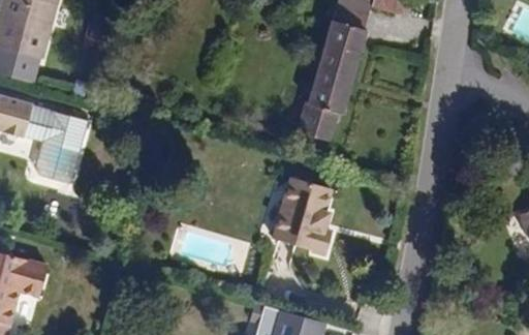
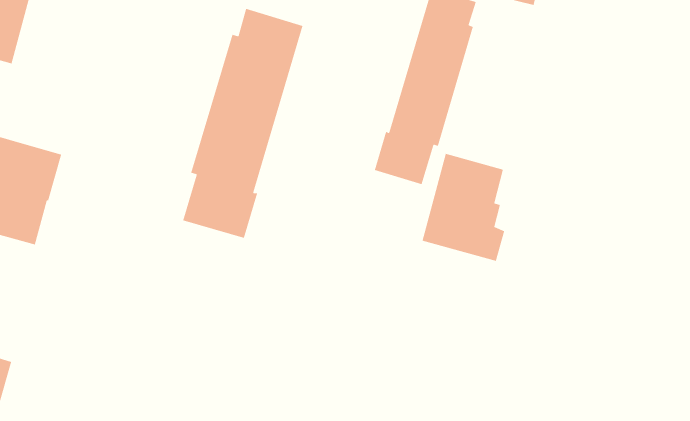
building: none -> [182,8,304,239]
building: [273,178,332,254] -> [422,153,505,262]

